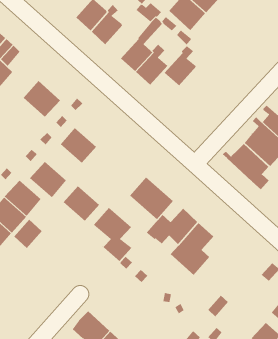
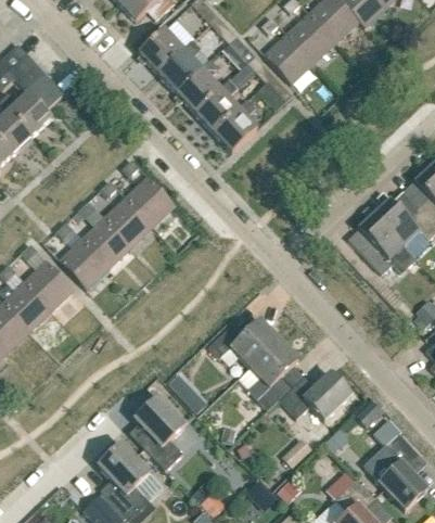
building: [164,45,197,86] -> [176,60,220,113]
building: [23,80,61,117] -> [126,177,176,227]
building: [222,143,270,190] -> none
building: [129,176,174,220] -> none
building: [63,185,100,222] -> [82,219,131,268]
building: [93,207,132,262] -> [135,396,185,470]
building: [14,219,43,249] -> none
building: none -> [279,372,351,420]

